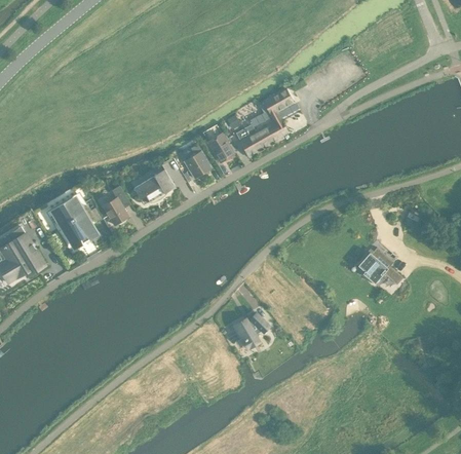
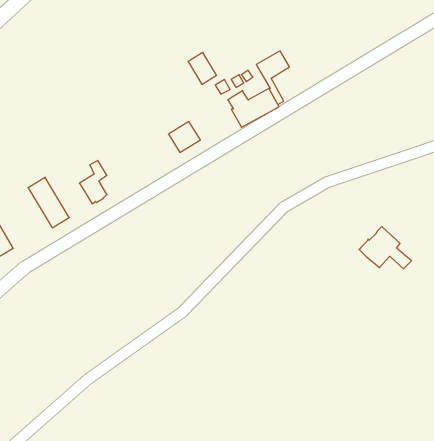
building: [207,134,233,162] -> [188,52,217,84]
building: [132,169,175,203] -> none
building: [234,312,267,346] -> none

